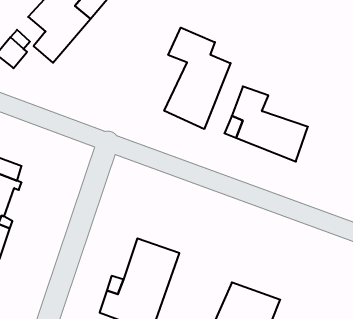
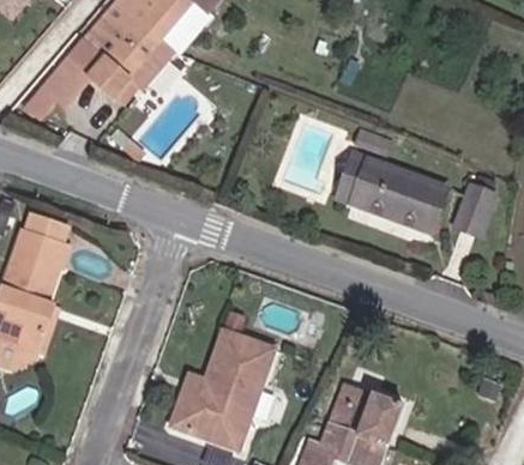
building: [164,28,231,129] -> none
building: none -> [450,182,493,240]

